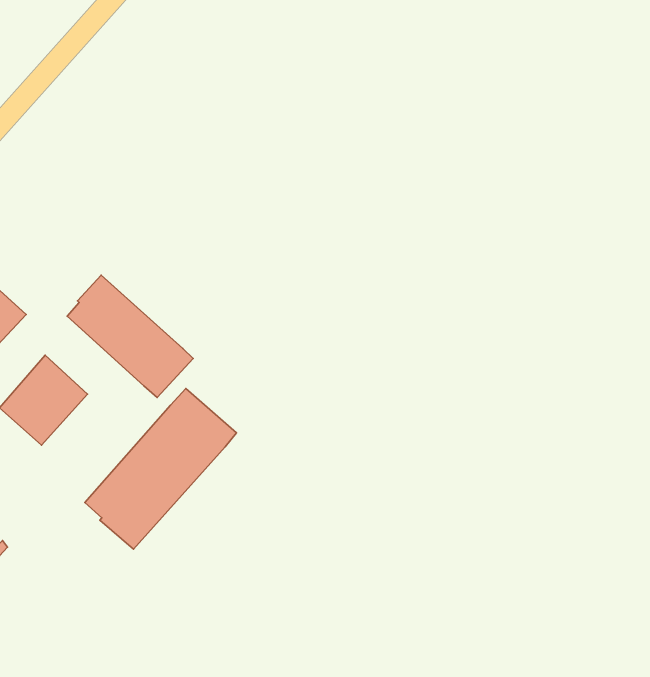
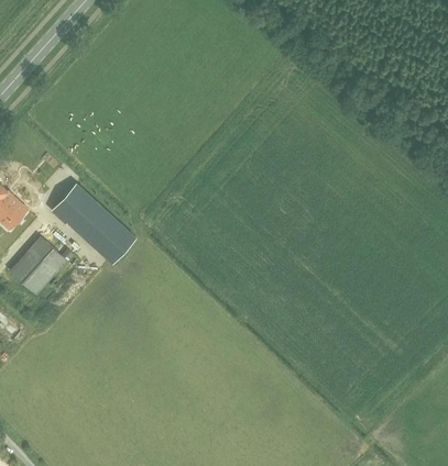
building: [85,388,236,549] -> none

